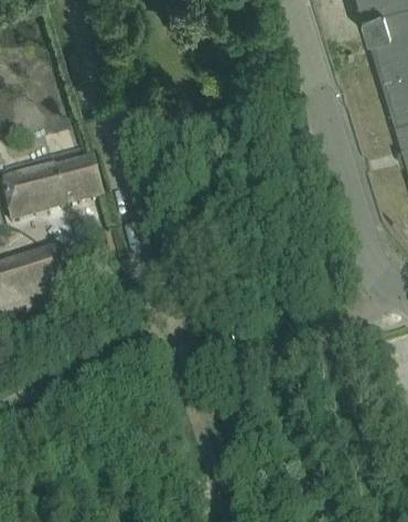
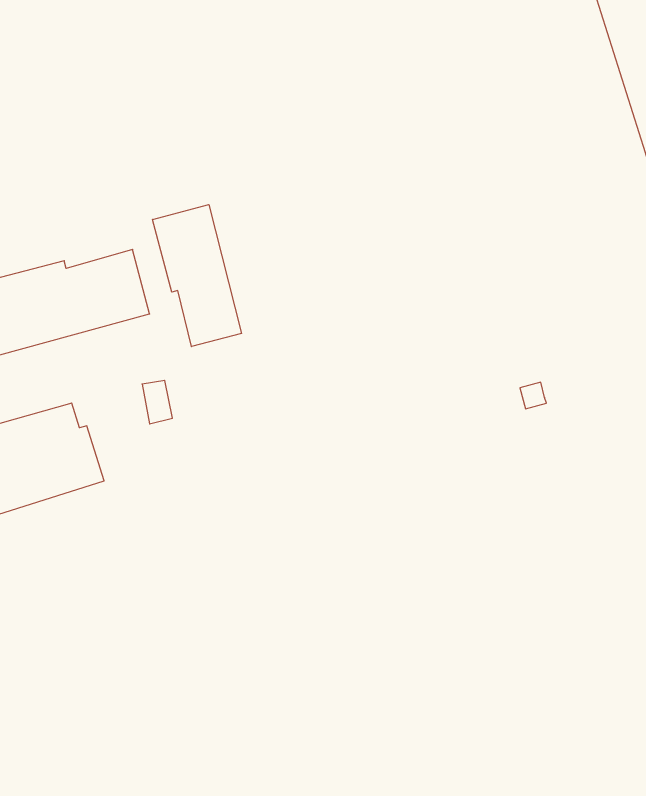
building: none -> [153,205,242,347]

